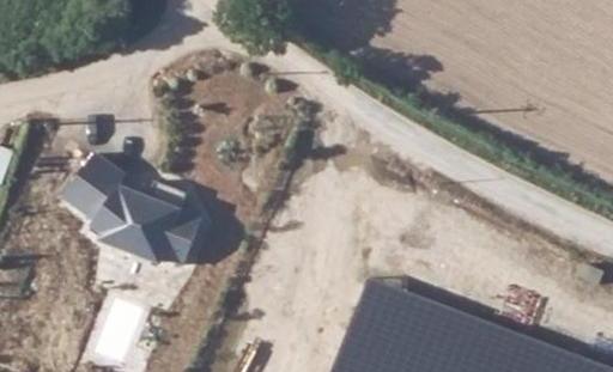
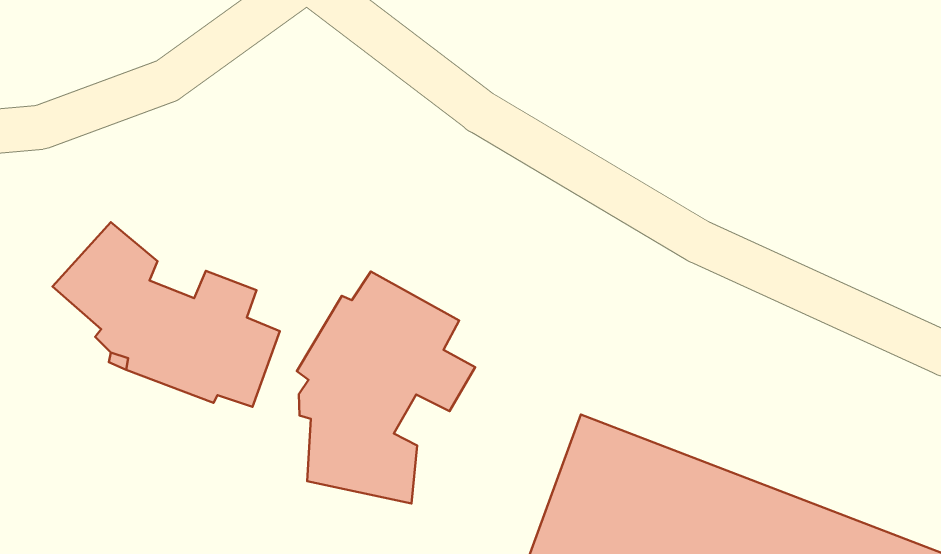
building: none -> [297,272,475,503]

